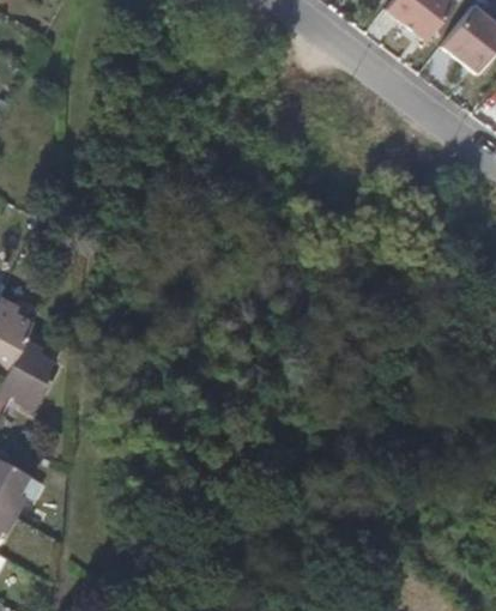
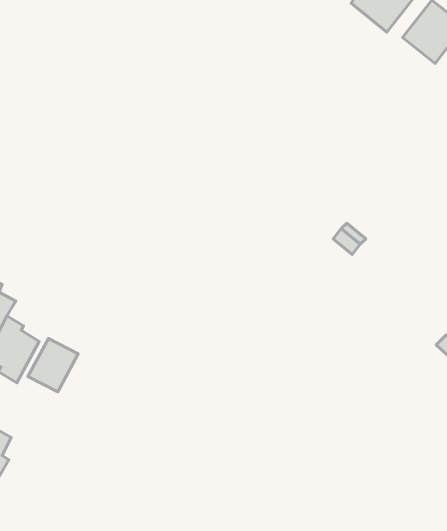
building: none -> [28,338,78,392]

